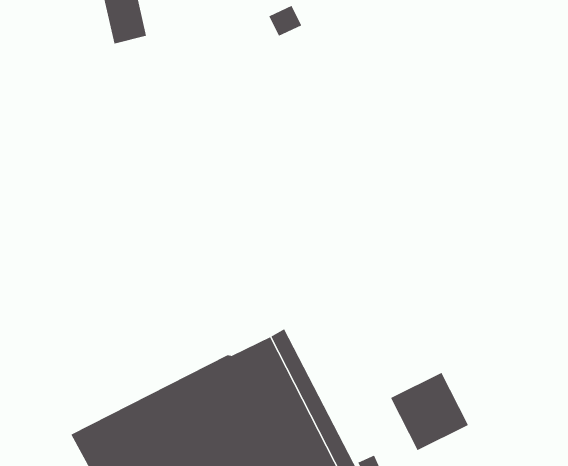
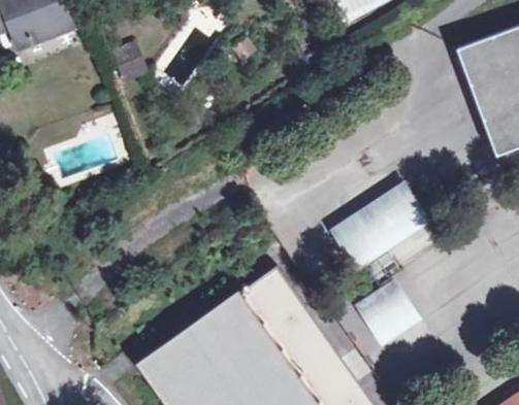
building: none -> [329,183,423,267]

